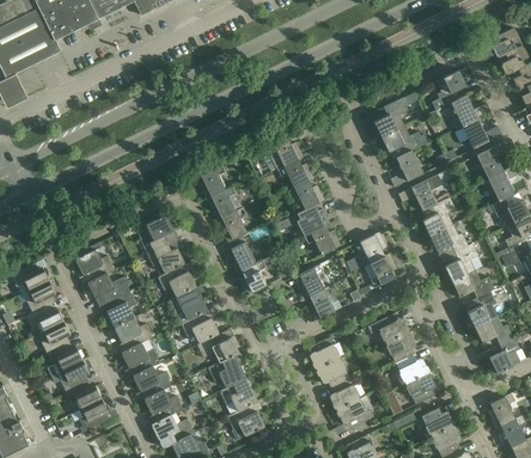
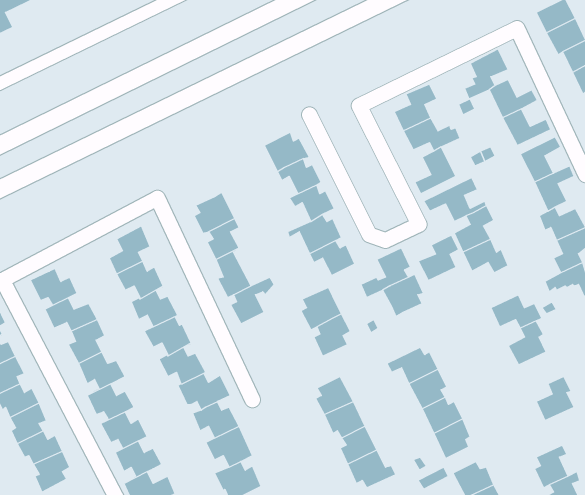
building: [199,165,226,200] -> none
building: [444,244,477,281] -> [418,235,459,280]
building: [475,317,512,343] -> none

